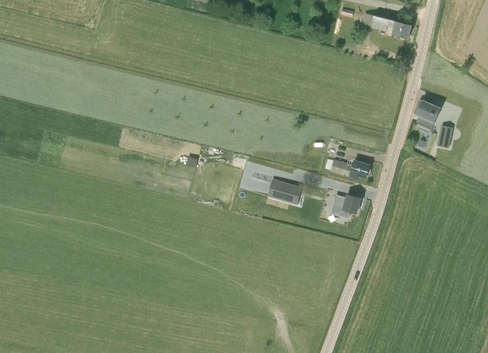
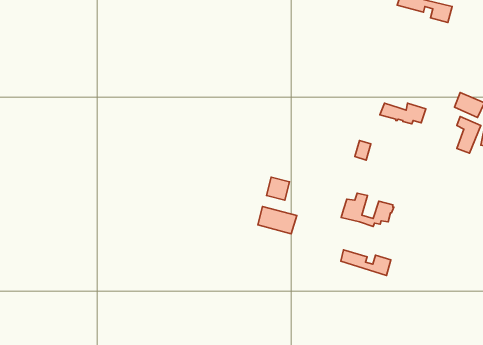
building: [330,160,370,178] -> [380,103,426,124]
building: [268,179,302,203] -> [258,206,297,234]
building: none -> [341,250,391,275]

